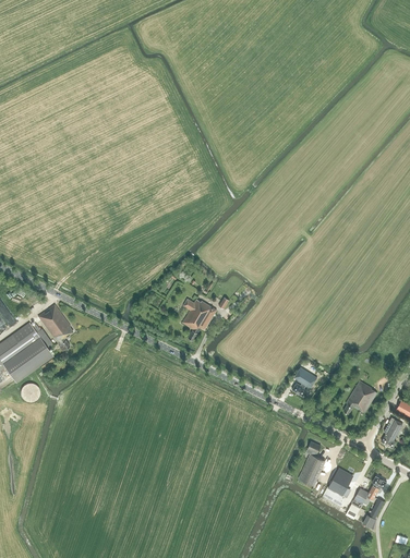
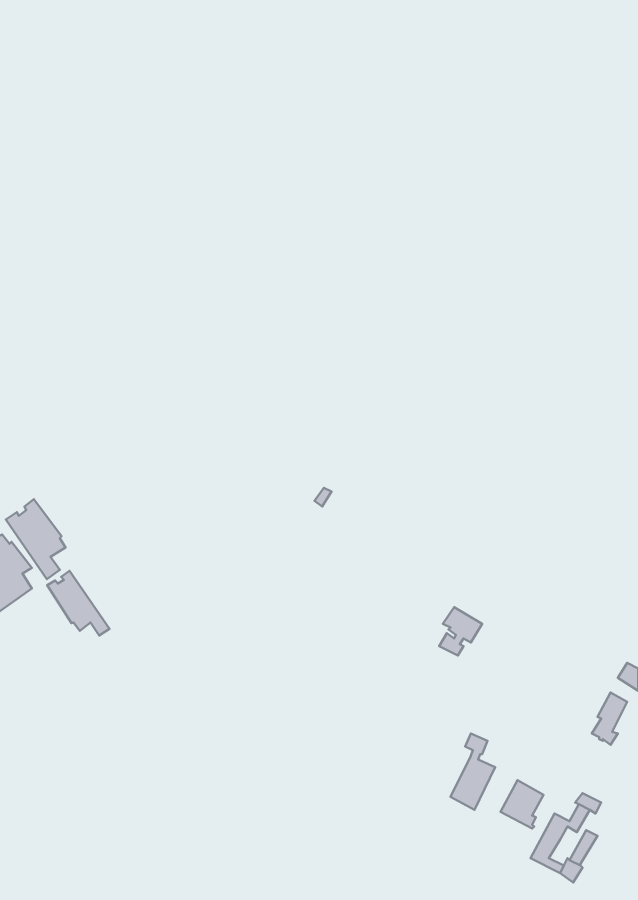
building: [182,298,217,340] -> none
building: none -> [47,571,110,636]
building: [343,379,377,413] -> none

